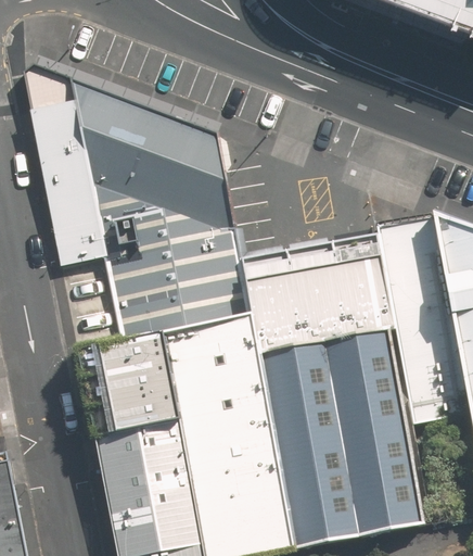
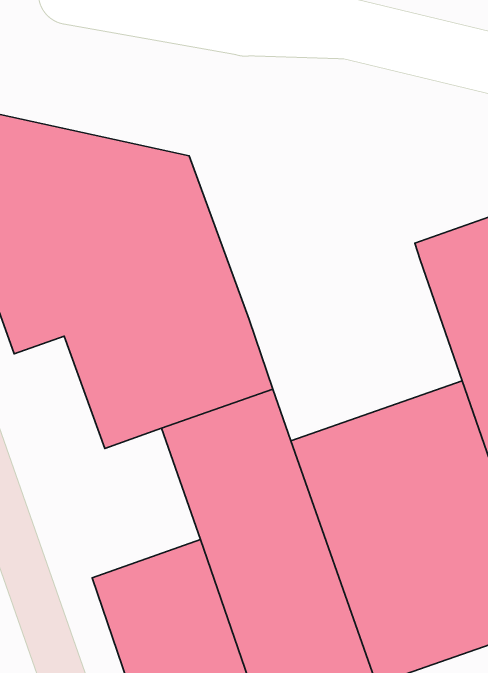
building: [242,240,393,359] -> none
building: [80,336,181,439] -> none

